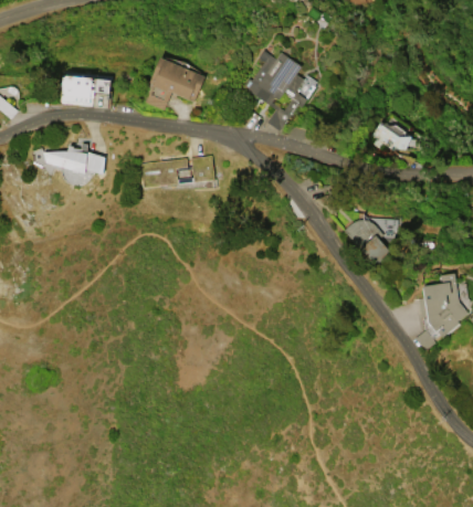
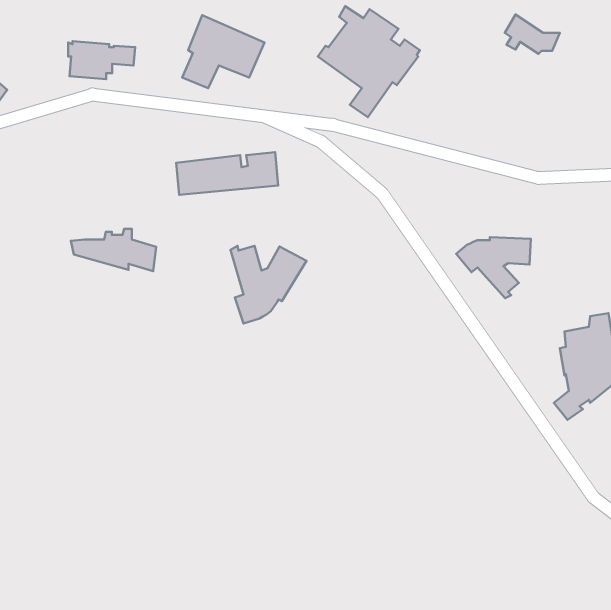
building: [372,123,412,151] -> [505,14,560,54]
building: [44,144,106,175] -> [71,229,156,271]
building: none -> [230,246,307,323]

